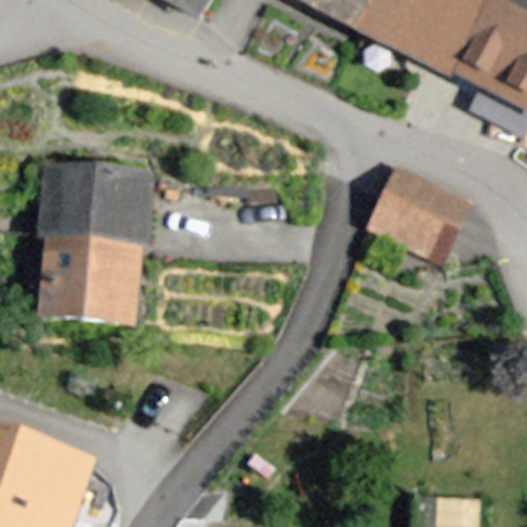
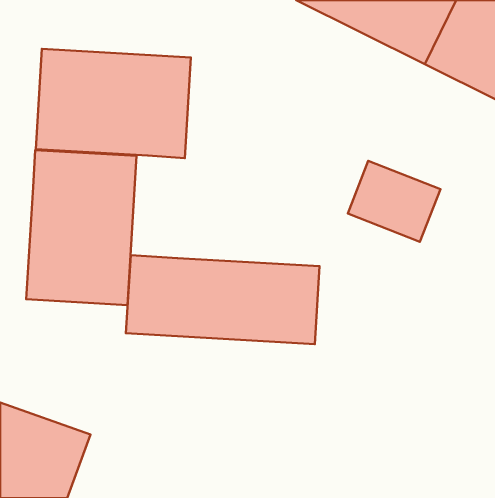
building: none -> [36,49,191,158]
building: none -> [126,255,319,344]

